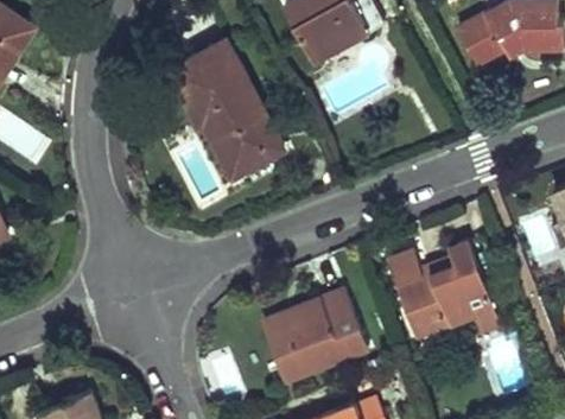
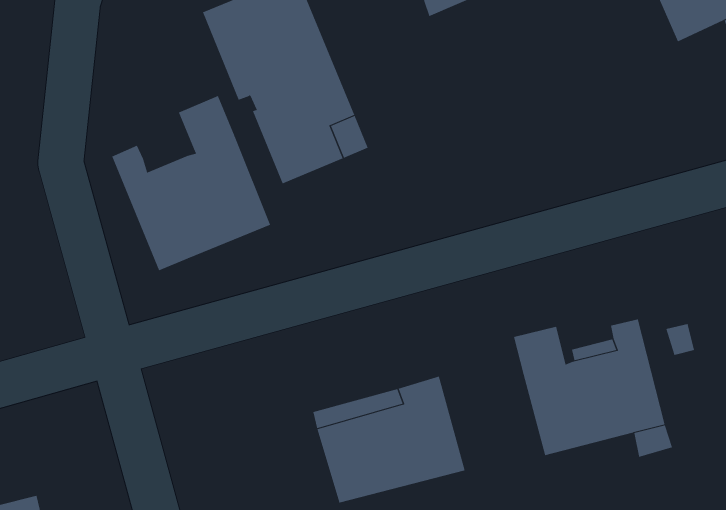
building: none -> [111,95,271,271]

